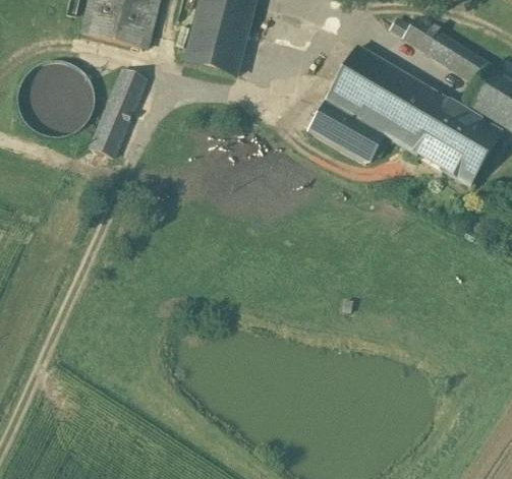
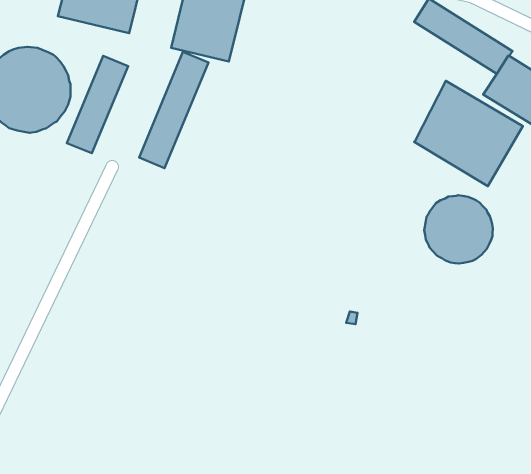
building: [309,45,433,161] -> none
building: none -> [139,52,208,168]
building: none -> [424,195,493,263]

